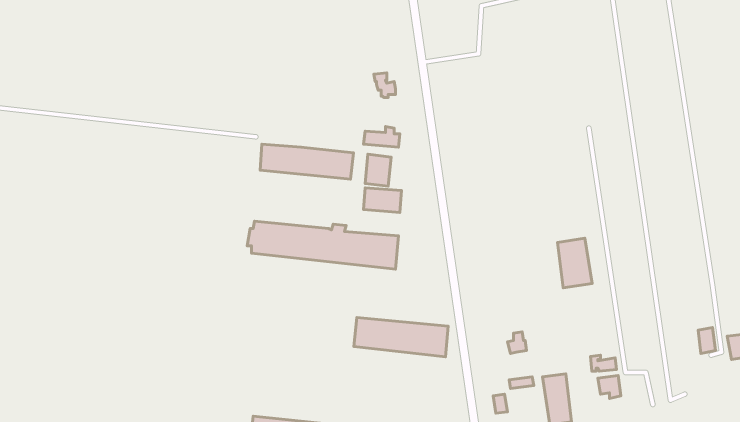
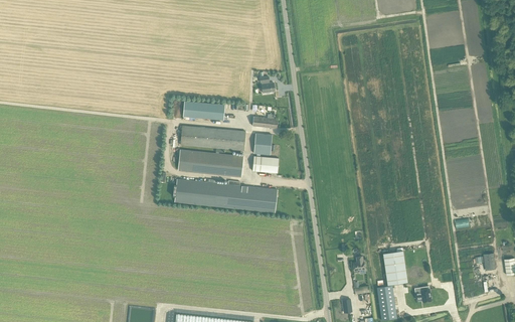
building: none -> [181,101,224,121]
building: [557,238,592,288] -> [382,251,406,285]
building: [354,318,448,357] -> [177,150,242,177]

